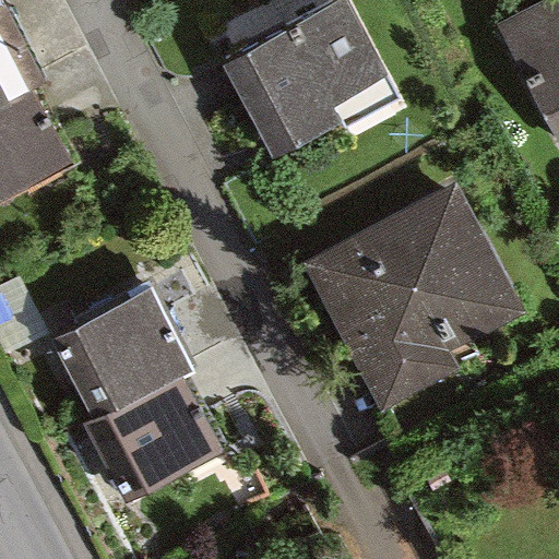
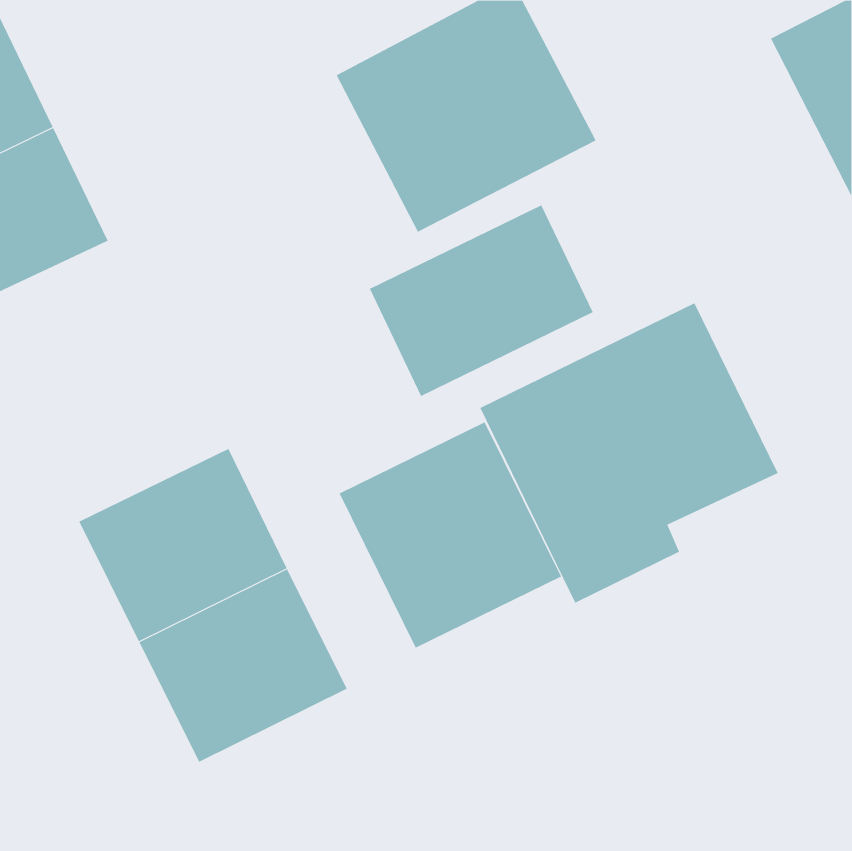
building: none -> [369,204,593,397]
building: none -> [339,421,562,648]

